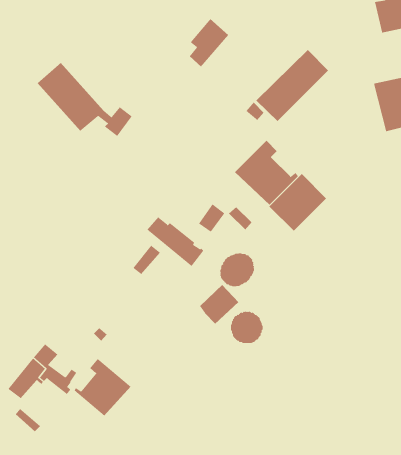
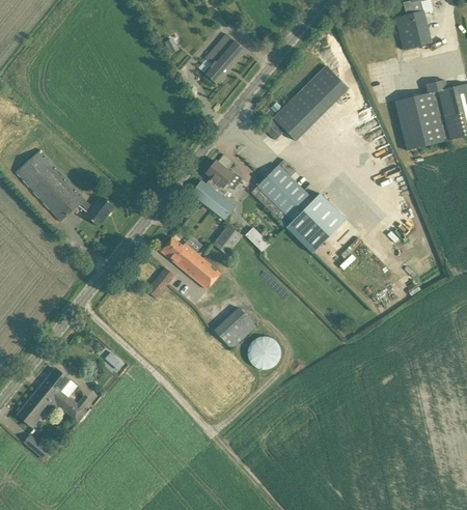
building: [37,62,132,137] -> [15,149,113,226]
building: none -> [190,161,235,220]
building: [220,253,255,287] -> none
building: [74,358,131,417] -> none

